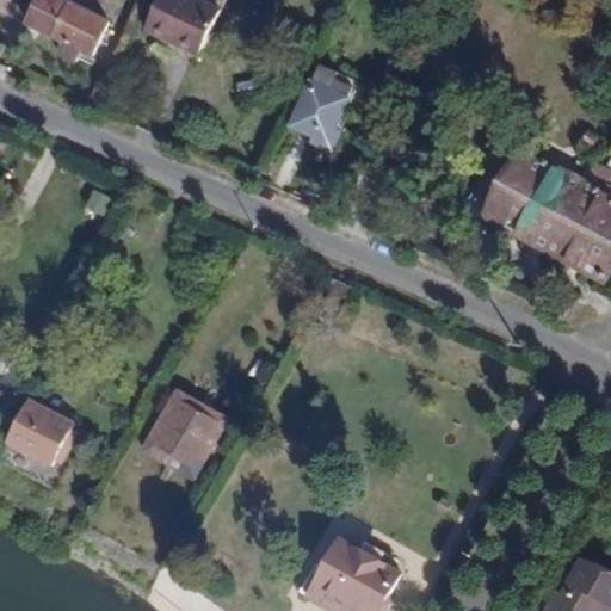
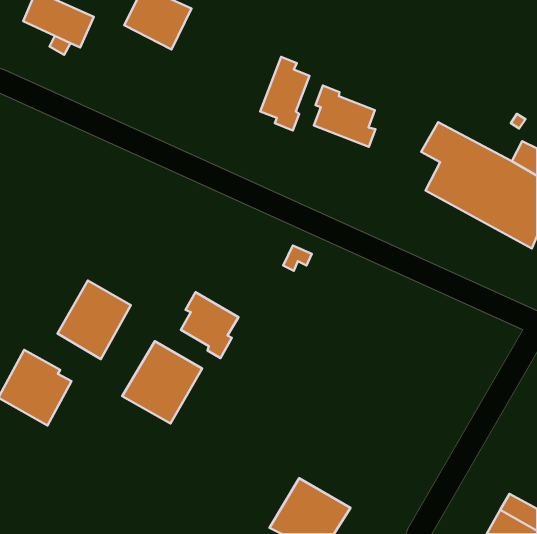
building: none -> [314,85,375,147]
building: none -> [57,280,131,359]
building: none -> [181,292,238,358]

